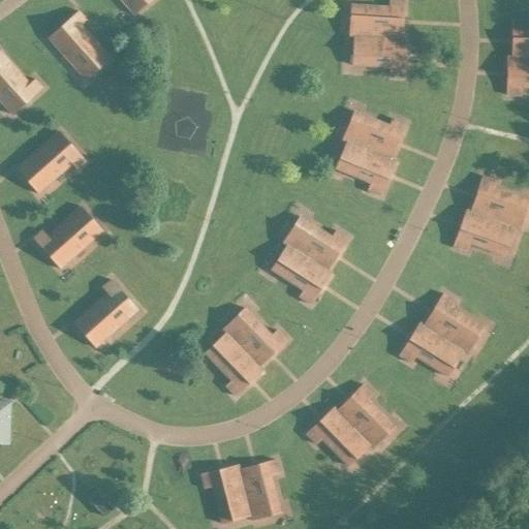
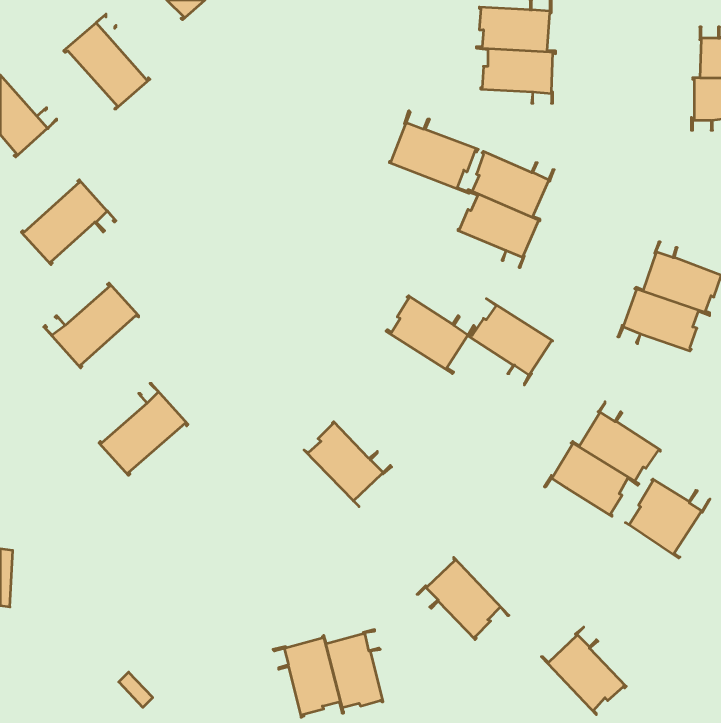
building: none -> [389,111,478,193]
building: [271,242,332,305] -> [469,299,553,385]
building: [205,329,263,396] -> none
building: none -> [625,479,710,558]
building: [333,385,395,449] -> [541,627,626,715]

